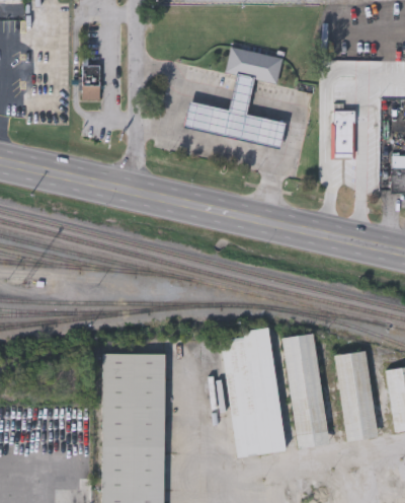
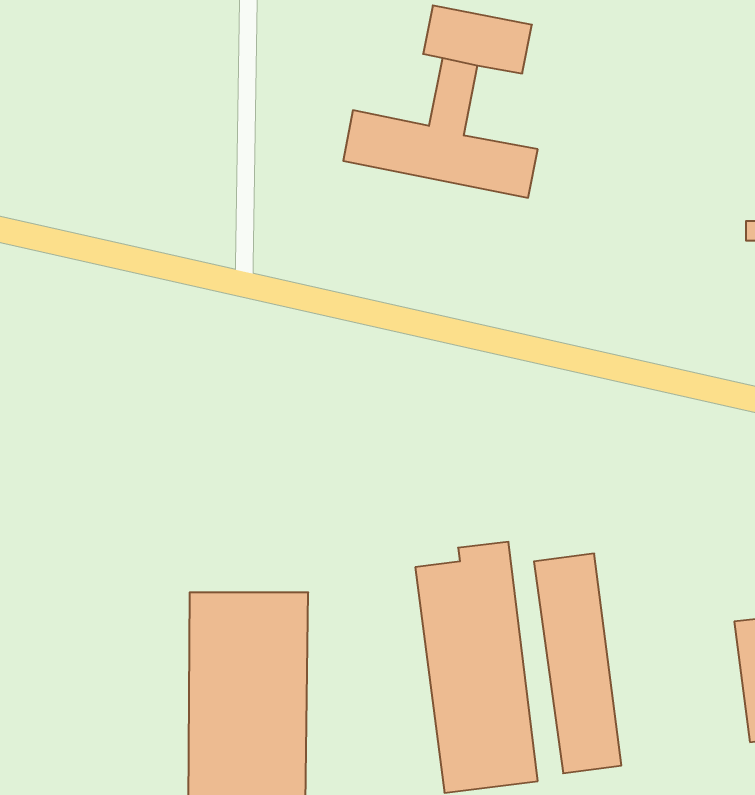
building: [81,57,98,99] -> none
building: [333,113,355,160] -> none
building: [334,350,377,441] -> none

